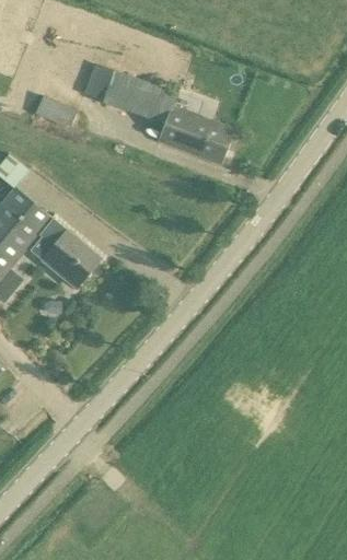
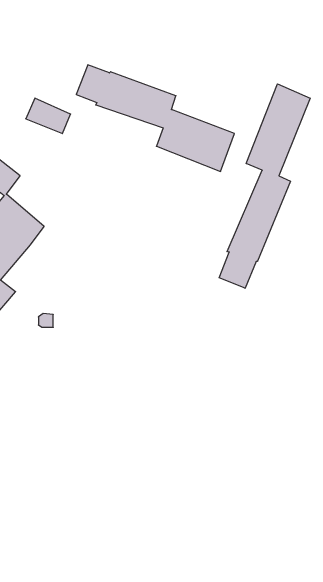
building: none -> [219,84,310,288]
building: [33,220,100,287] -> none

